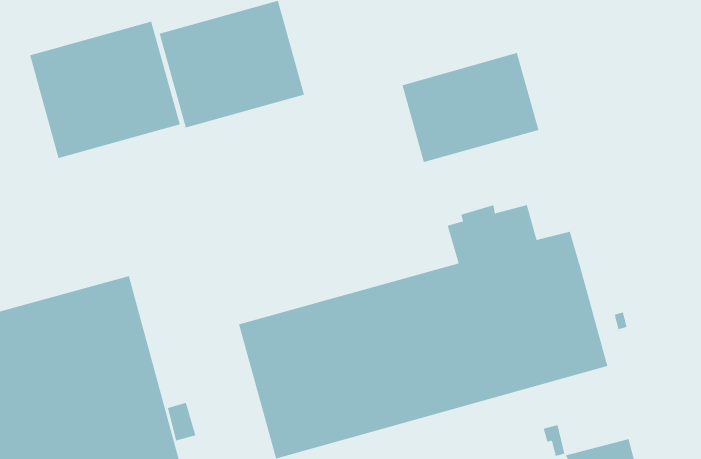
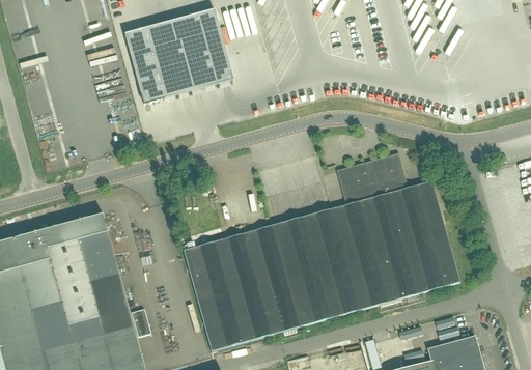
building: [29,21,181,159] -> none
building: [402,52,539,163] -> none

